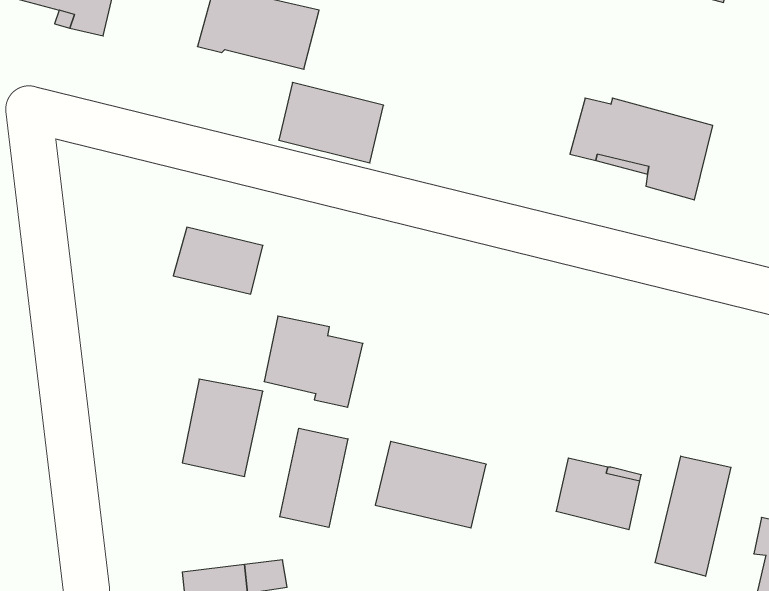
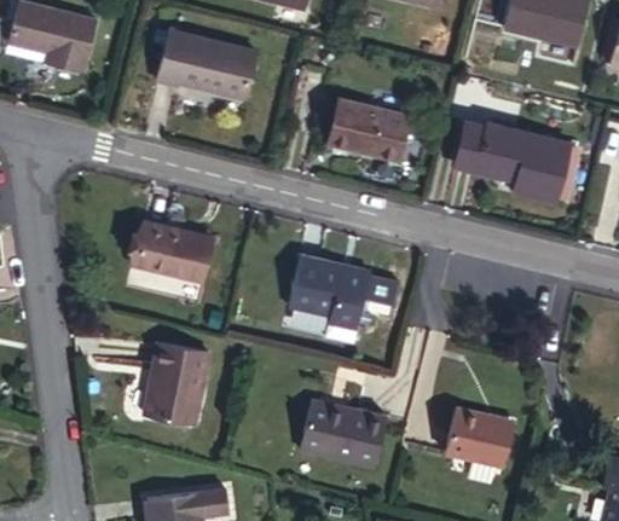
building: [279,82,384,163] -> [325,98,409,162]
building: [264,316,363,407] -> [290,255,369,328]
building: [280,428,348,527] -> none
building: [655,456,731,576] -> none

